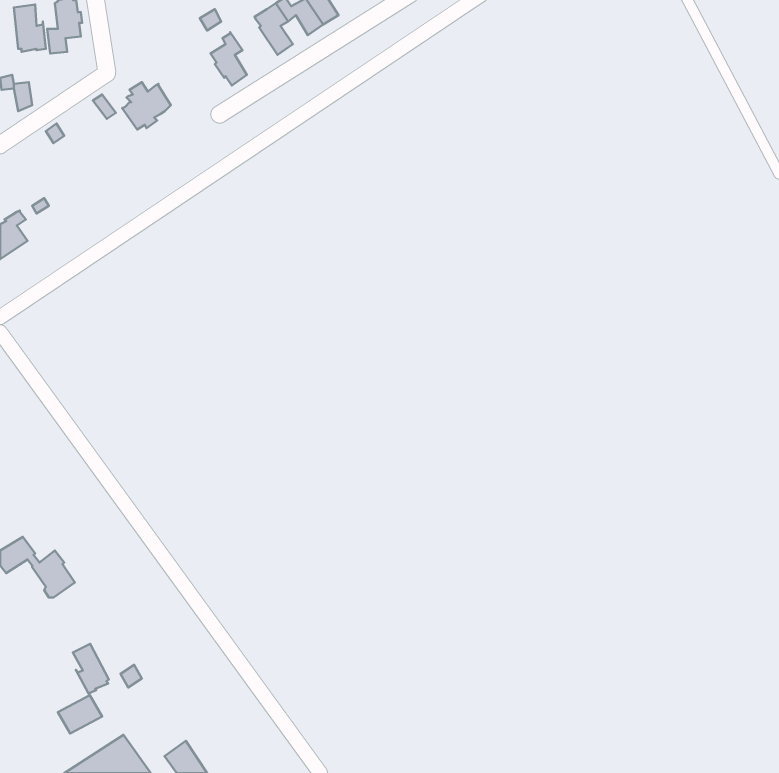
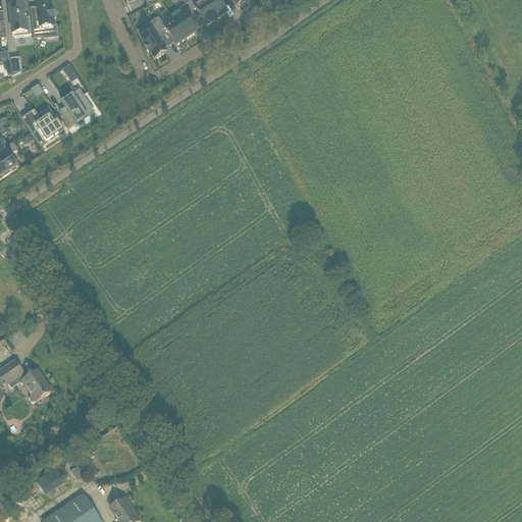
building: none -> [152,13,186,43]
building: [122,82,171,130] -> [59,92,92,123]
building: none -> [21,110,59,144]
building: [73,644,109,694] -> none

